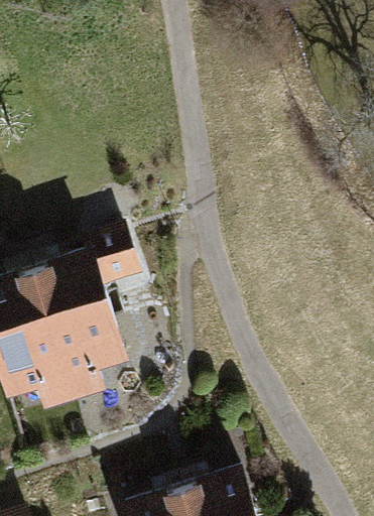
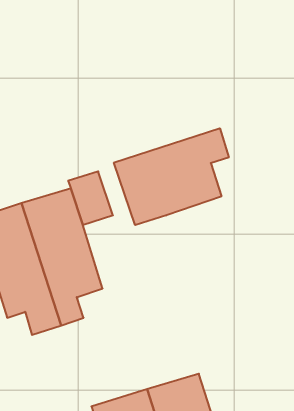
building: none -> [114,128,229,225]

